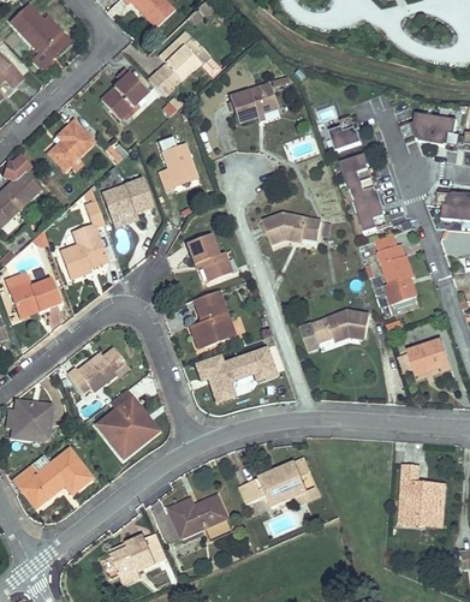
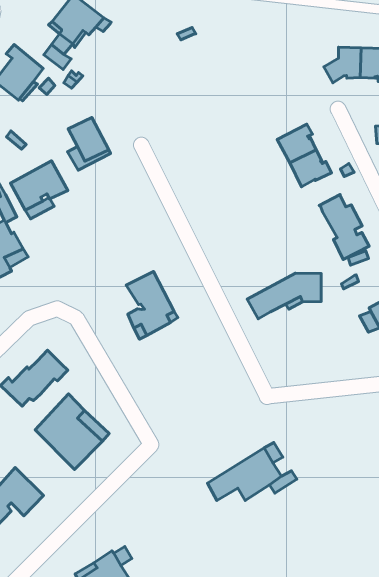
building: [227,82,276,121] -> none
building: [328,117,361,151] -> none
building: [339,154,376,187] -> none
building: [262,213,321,244] -> none
building: [186,233,232,280] -> none
building: [192,346,275,403] -> none
building: [168,496,227,540] -> none

